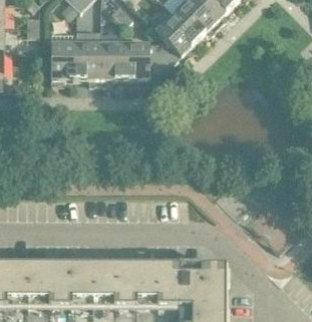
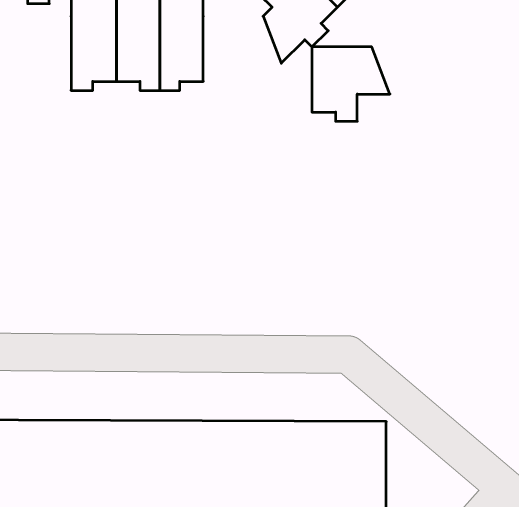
building: [123,42,167,83] -> [312,47,390,121]

